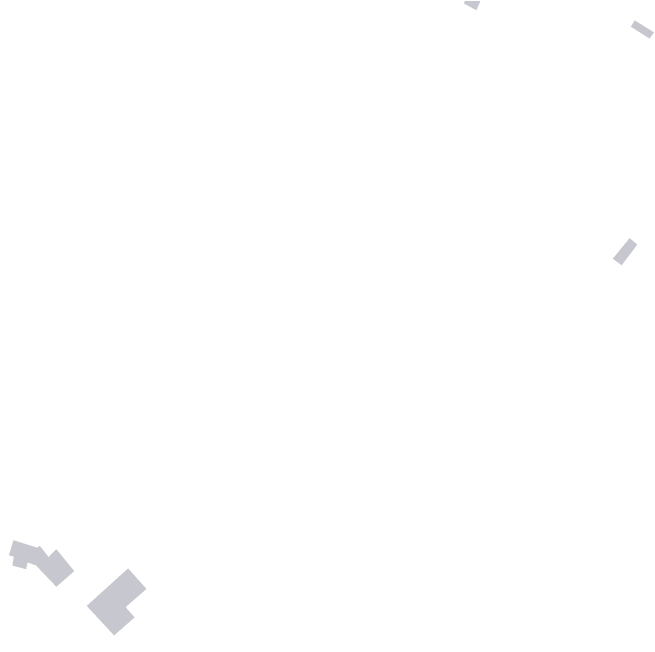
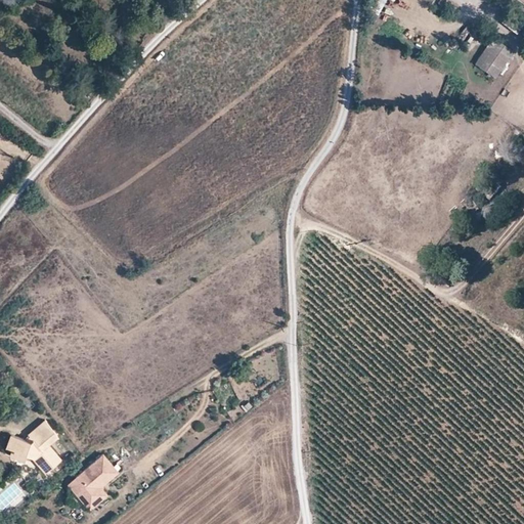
building: none -> [475,40,512,79]
building: none -> [28,420,56,446]

